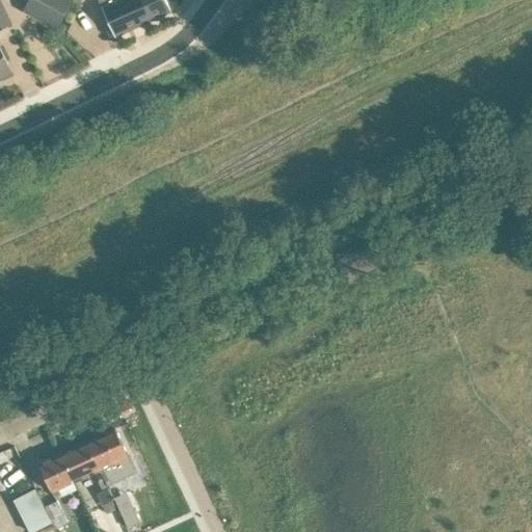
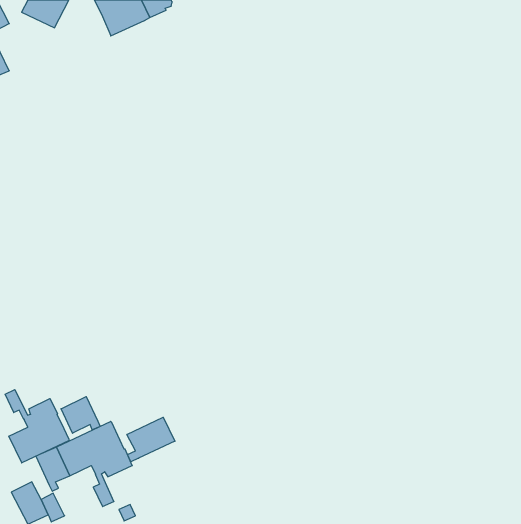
building: none -> [5,390,69,463]
building: none -> [61,397,100,433]
building: none -> [127,417,175,462]

